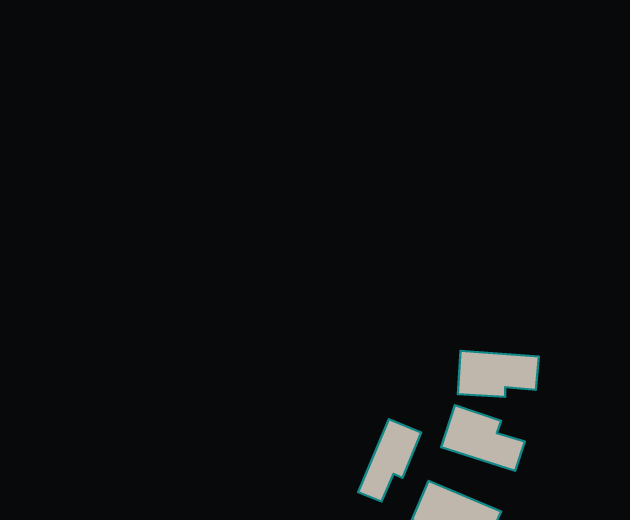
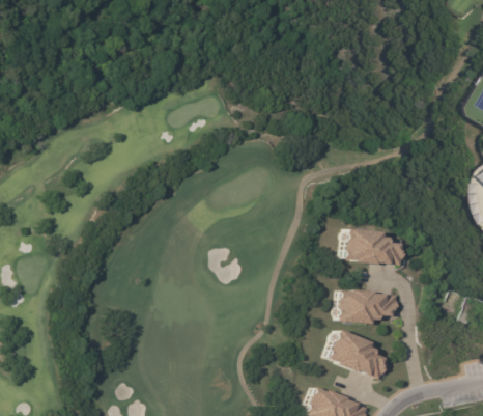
building: none -> [345,229,404,265]
building: [358,419,421,501] -> none

